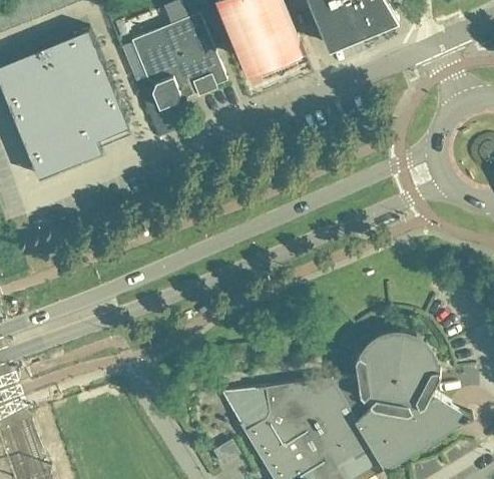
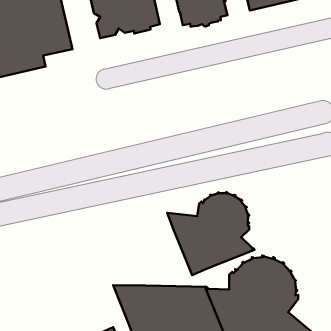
building: none -> [167,192,255,275]

